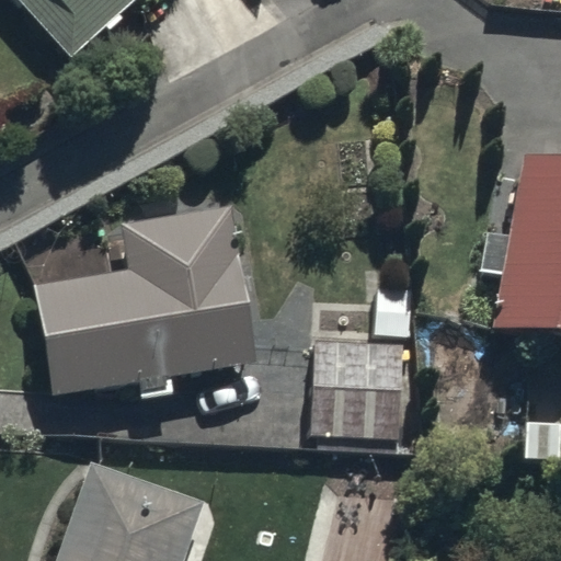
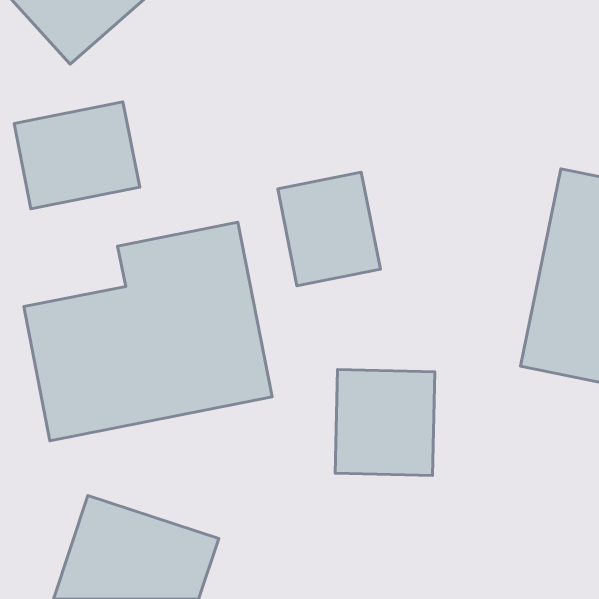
building: none -> [14,102,140,209]
building: none -> [278,172,380,286]

